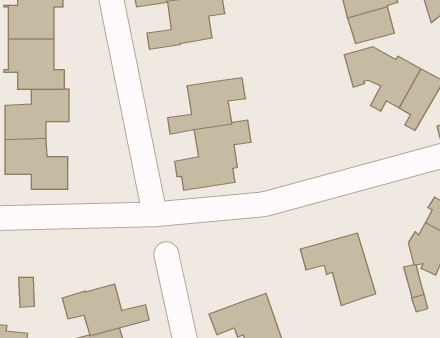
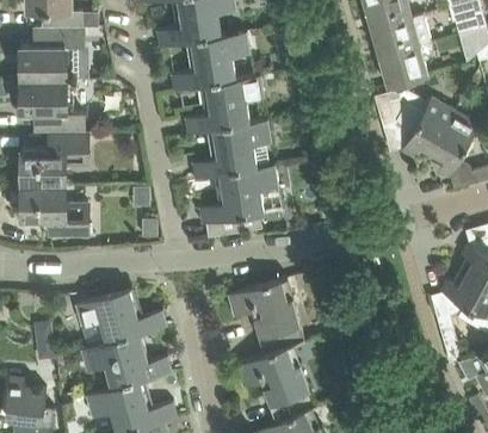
building: none -> [183,74,264,134]
building: [300,233,376,305] -> [226,278,304,353]
building: none -> [74,289,166,344]

